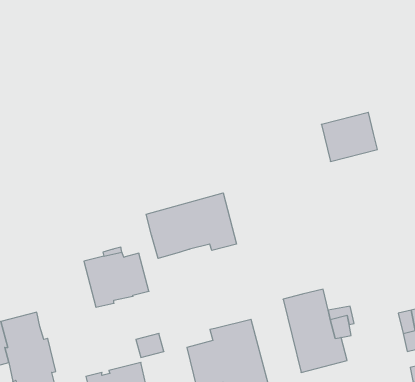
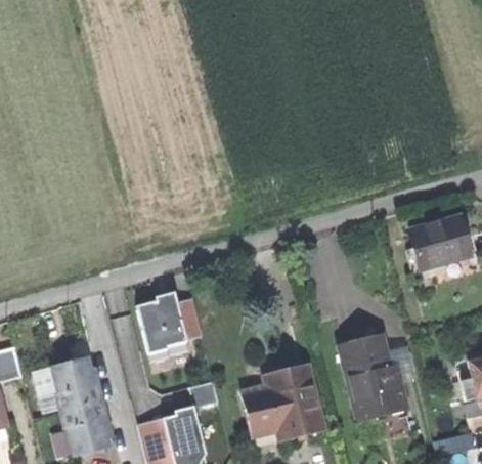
building: [321,112,377,161] -> [412,217,470,267]
building: [146,193,236,258] -> none

